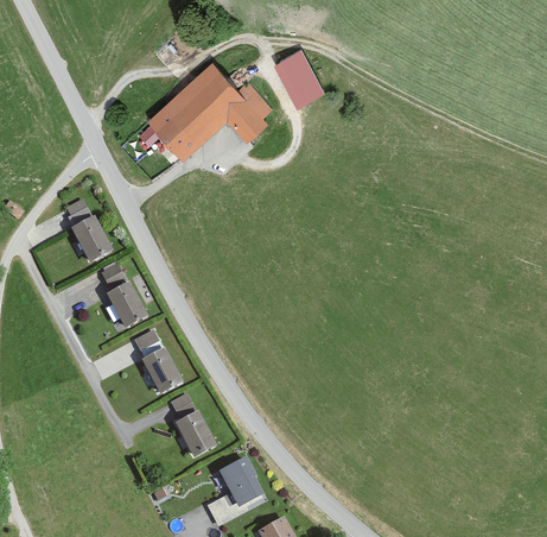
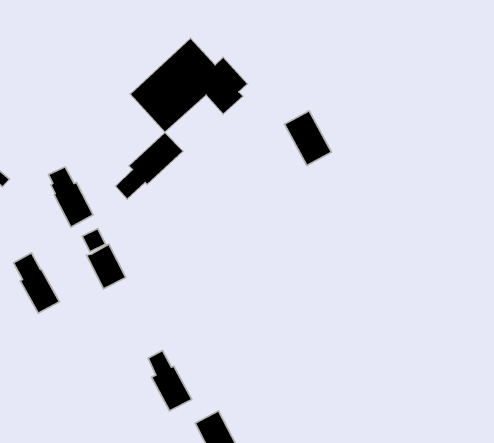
building: [278,50,327,108] -> [284,111,331,166]
building: none -> [116,133,183,199]
building: [132,329,180,393] -> [14,253,59,313]

